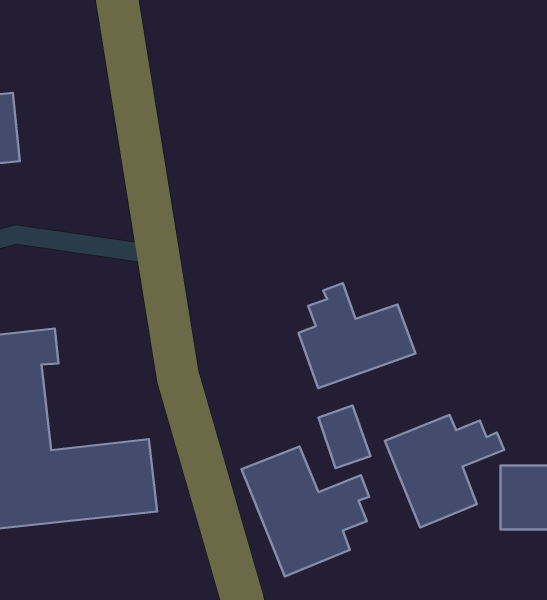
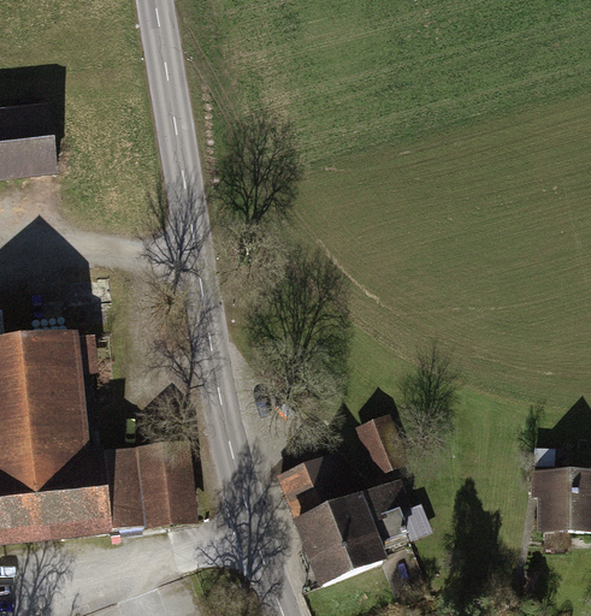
building: [299,283,416,388] -> none
building: [385,415,504,527] -> none

